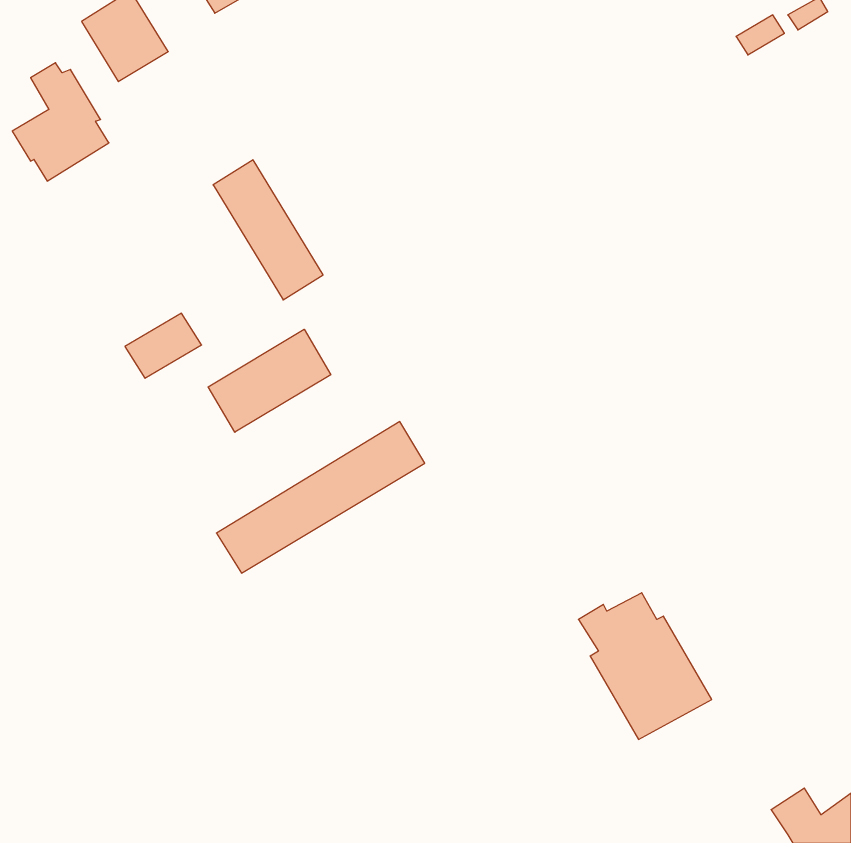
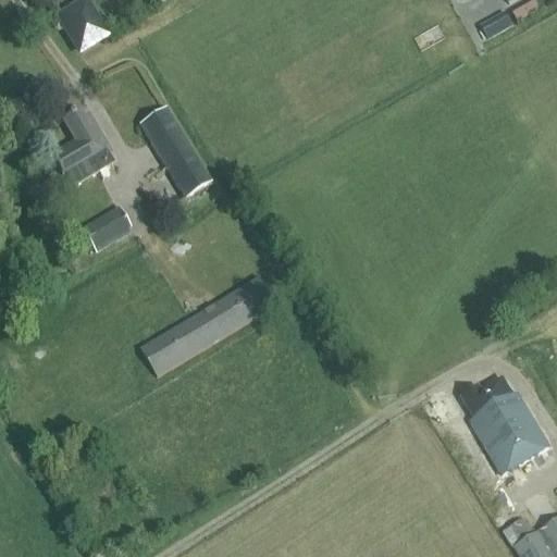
building: [12,63,109,181] -> [51,108,114,185]
building: [208,329,331,432] -> none
building: [578,593,712,739] -> [463,377,550,473]

